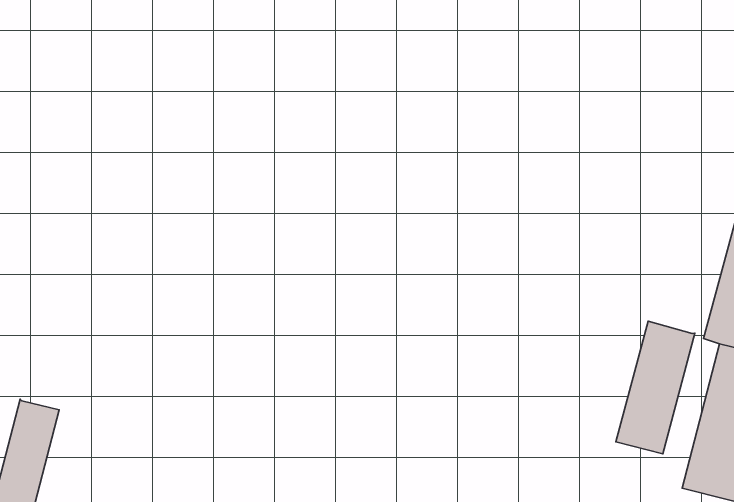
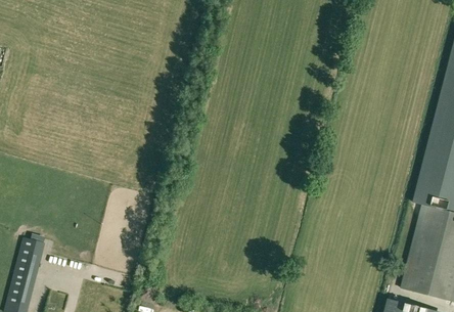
building: [616,321,695,454] -> none

